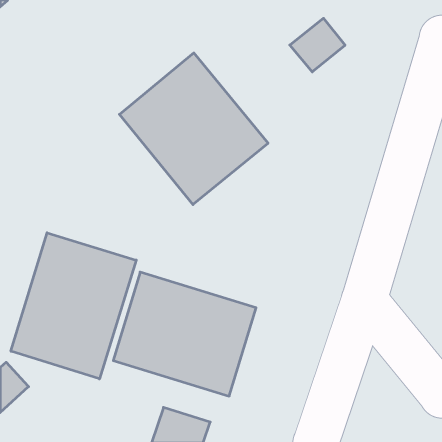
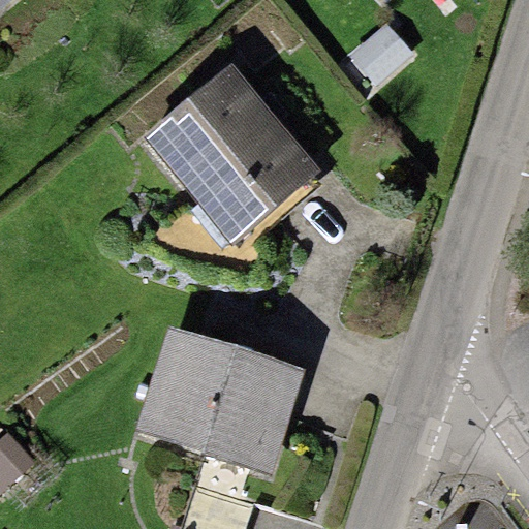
building: [11,233,136,379] -> none

